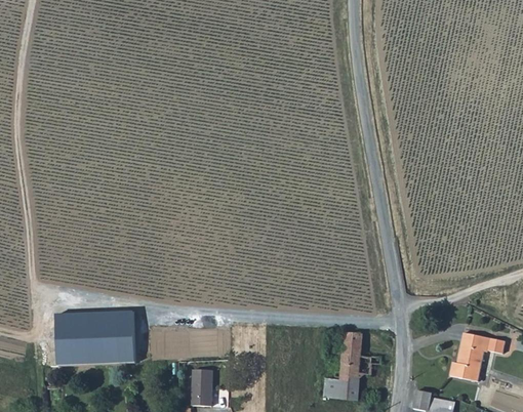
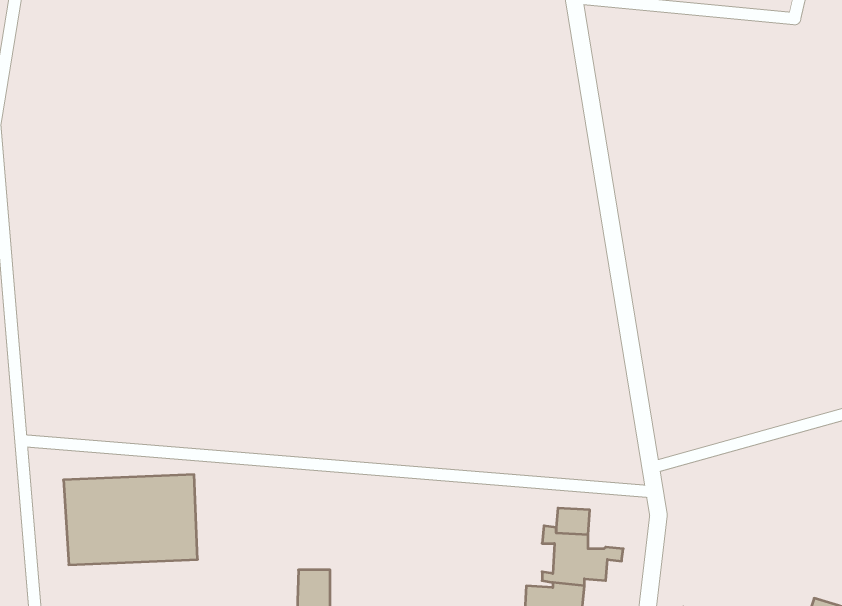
building: [448,332,490,382] -> none

